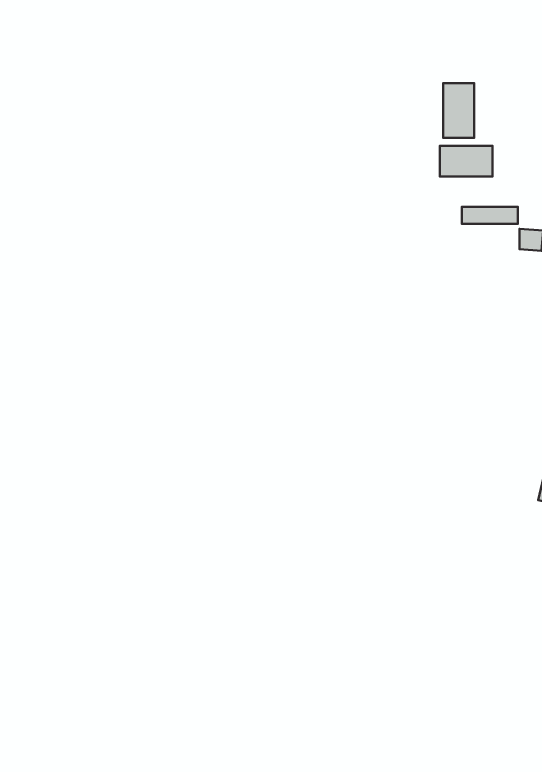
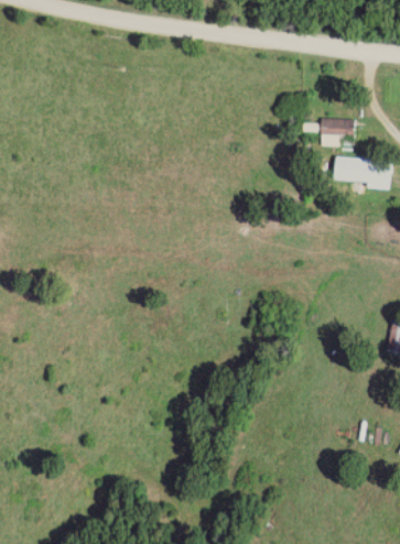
building: [443,83,474,138] -> none

